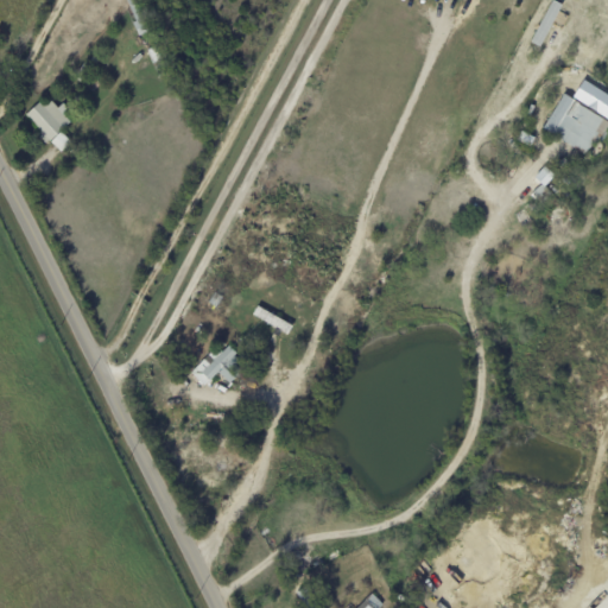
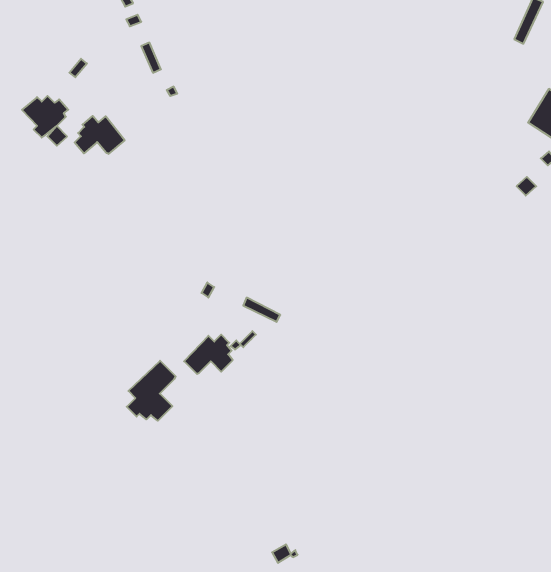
building: none -> [75,116,125,154]
building: none -> [127,361,176,421]

